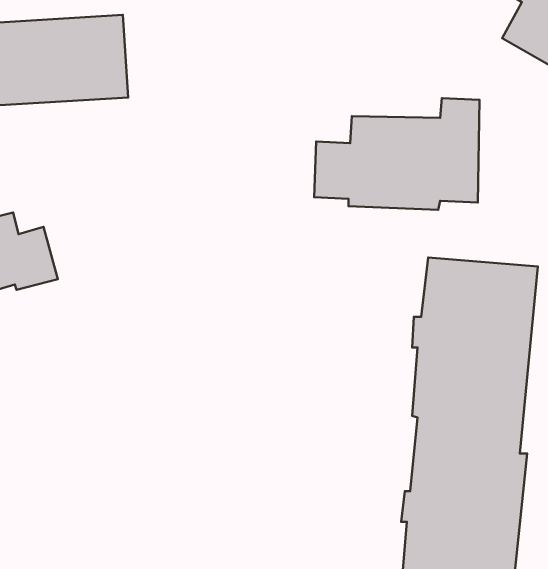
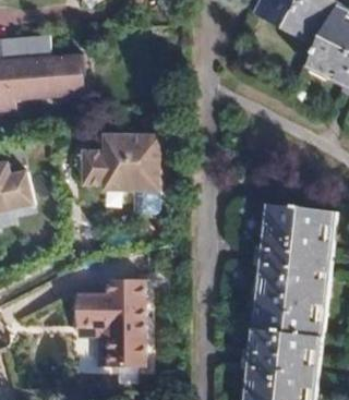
building: [314,98,480,210] -> [77,123,178,191]
building: none -> [68,274,144,364]

